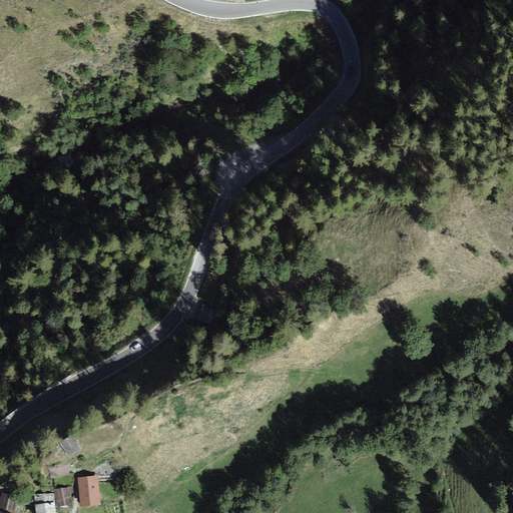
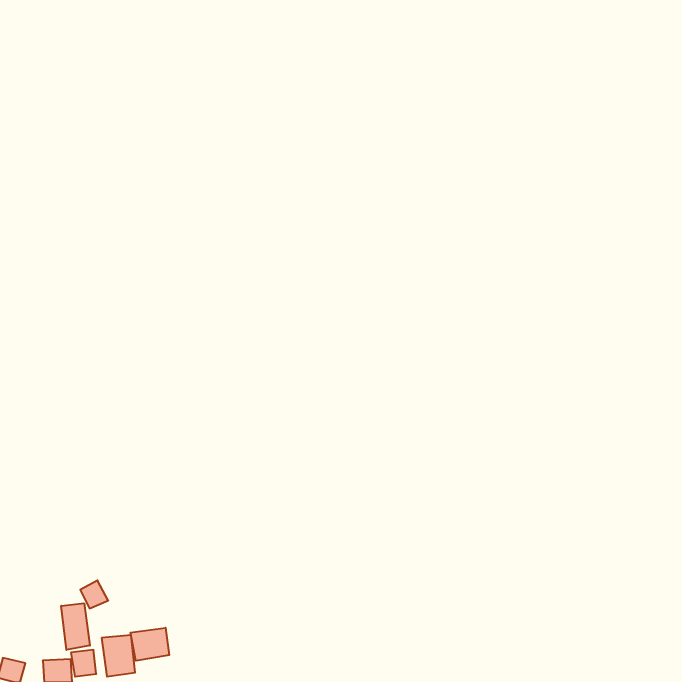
building: none -> [61,603,90,650]
building: none -> [131,628,169,661]

